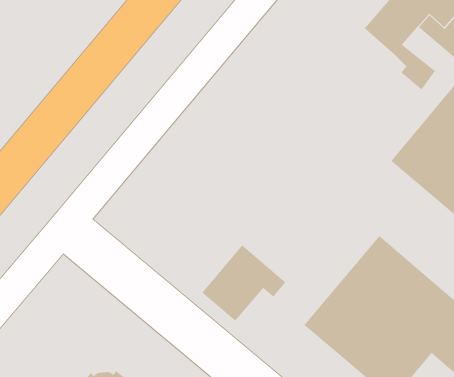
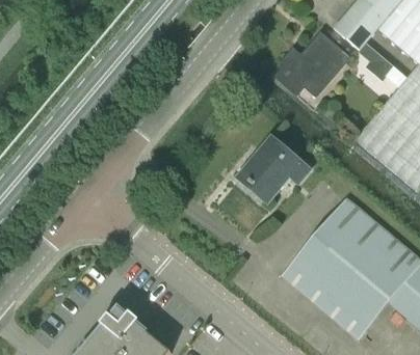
building: none -> [275,36,349,99]
building: [202,245,286,322] -> [237,139,307,202]

